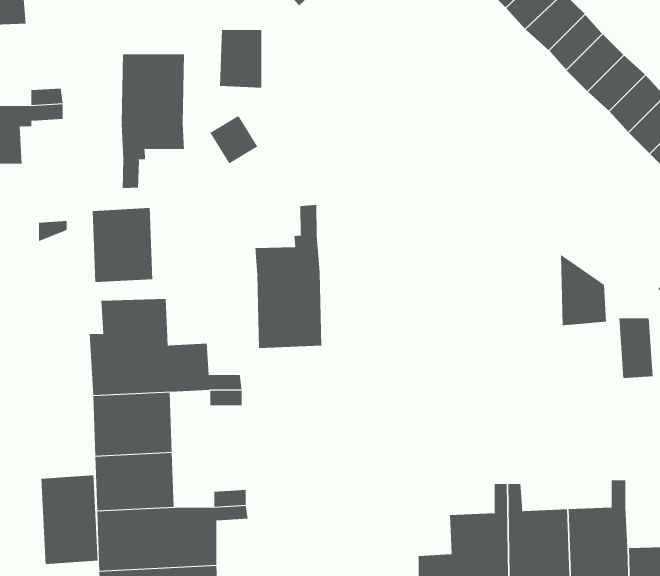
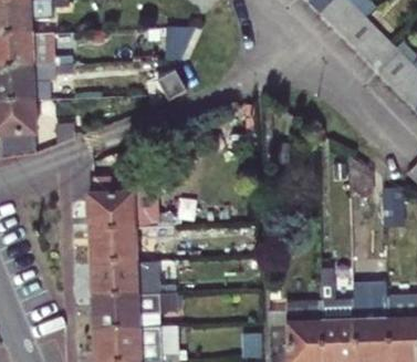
building: [121,53,184,189] -> none
building: [255,204,322,349] -> none
building: [92,207,153,283] -> none
building: [41,475,98,565] -> none

